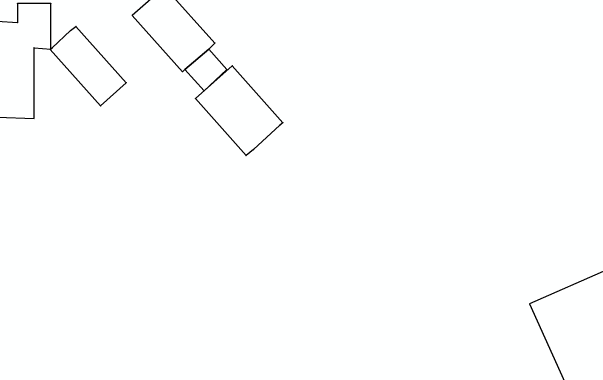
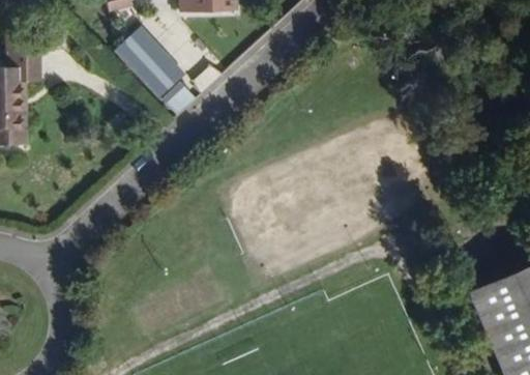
building: [50,26,126,106] -> none
building: [195,66,283,156] -> none

